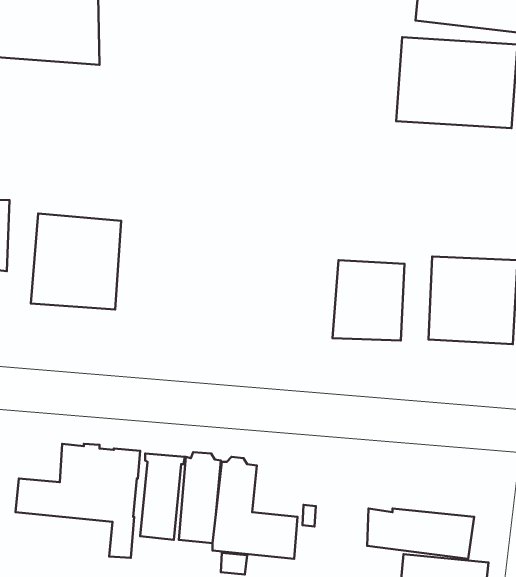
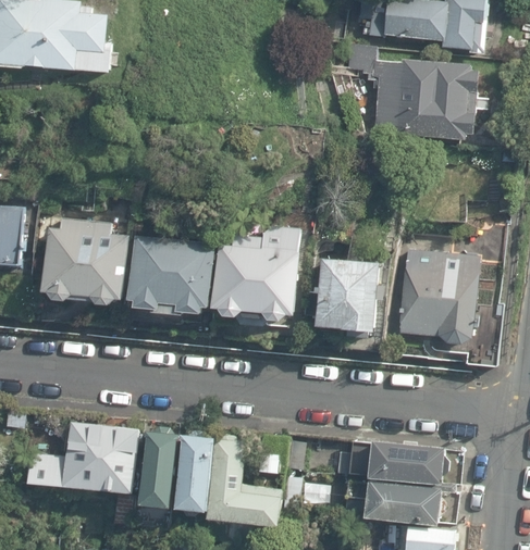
building: none -> [211,225,298,316]
building: none -> [124,235,209,315]
building: none -> [335,438,443,486]

